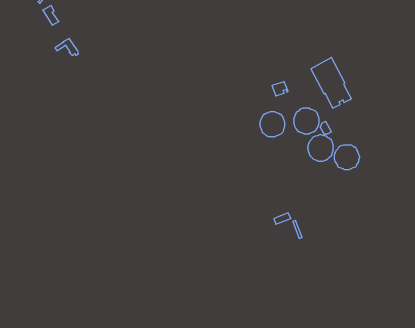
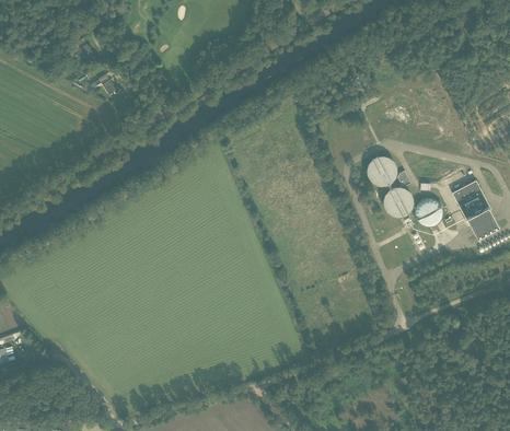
building: [311,57,351,108] -> [452,179,499,238]
building: [260,112,285,137] -> none

